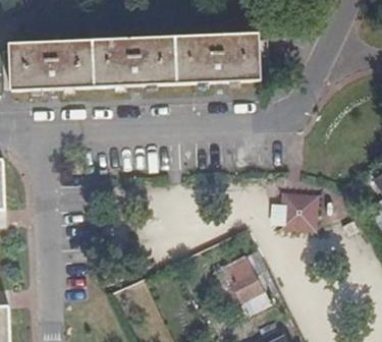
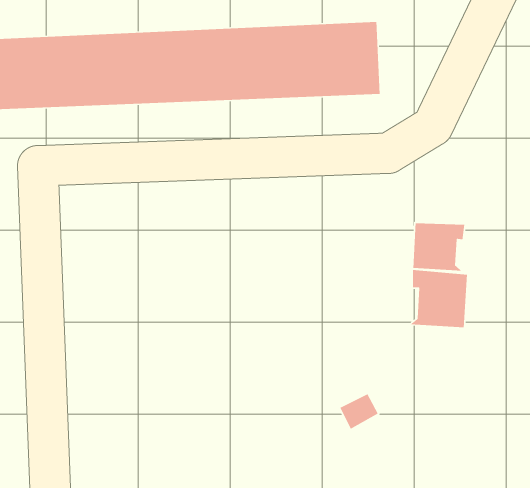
building: none -> [412,223,465,271]

